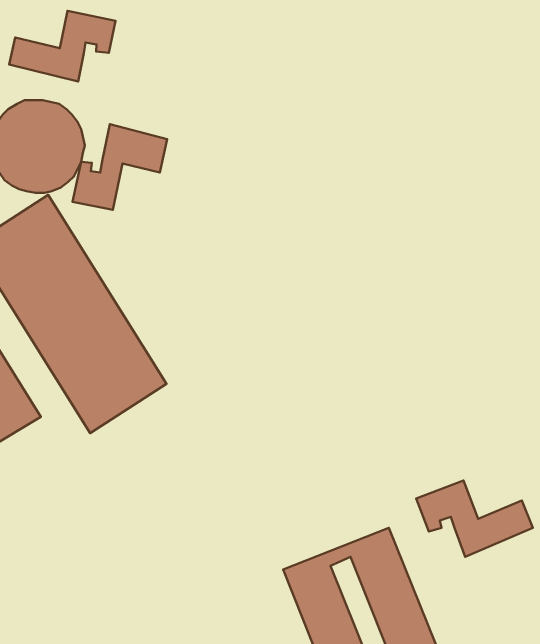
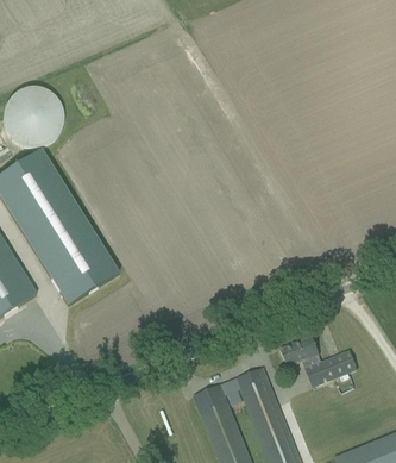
building: [9,11,116,82] -> none
building: [72,124,167,210] -> none

